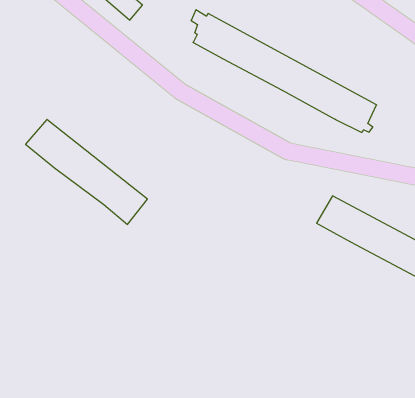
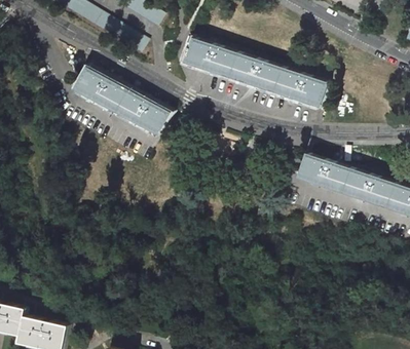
building: [26,119,147,224] -> [74,68,169,133]

